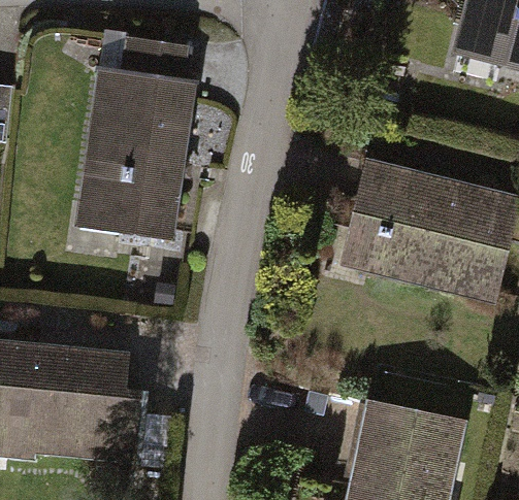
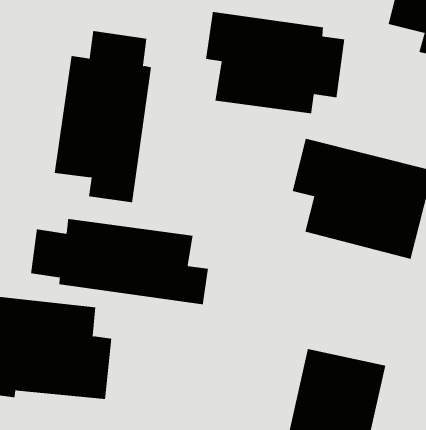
building: none -> [206,11,345,114]
building: none -> [31,218,208,305]

